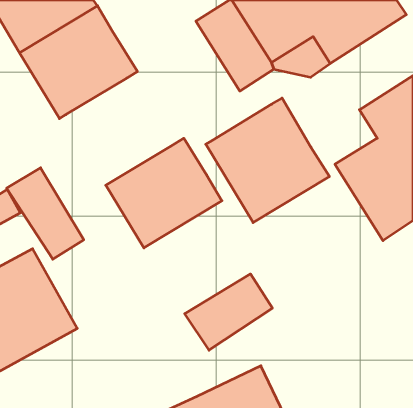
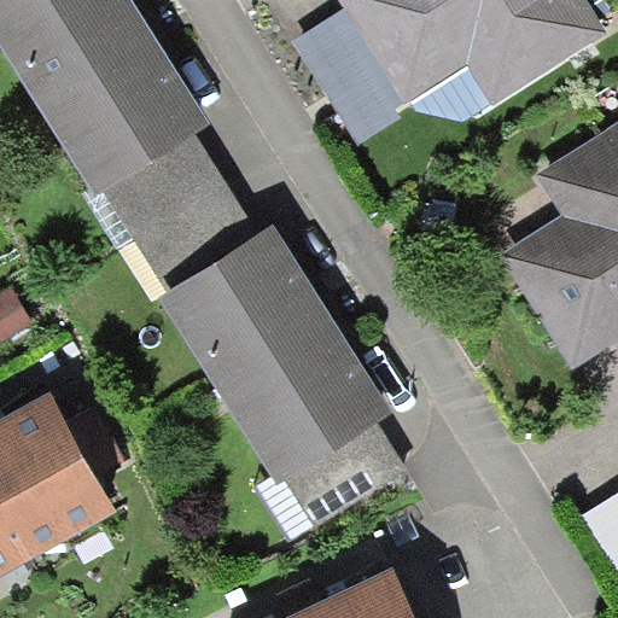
building: none -> [98,127,253,286]
building: [206,98,329,223] -> none
building: [7,168,84,259] -> none
building: none -> [214,309,390,477]

